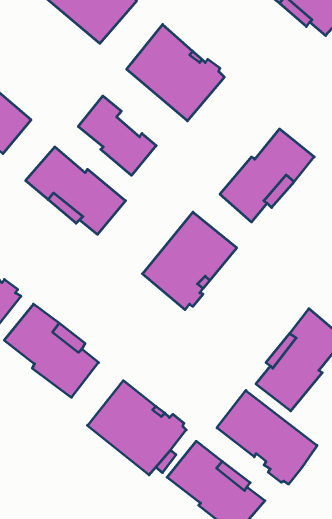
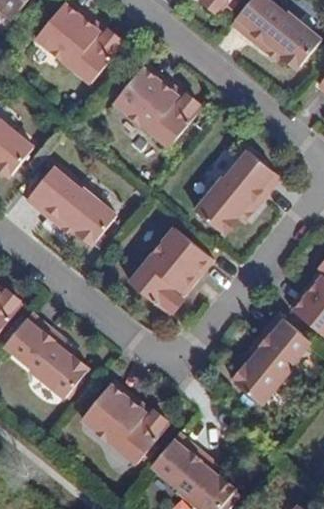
building: [78,96,156,175] -> none
building: [217,390,317,484] -> none

